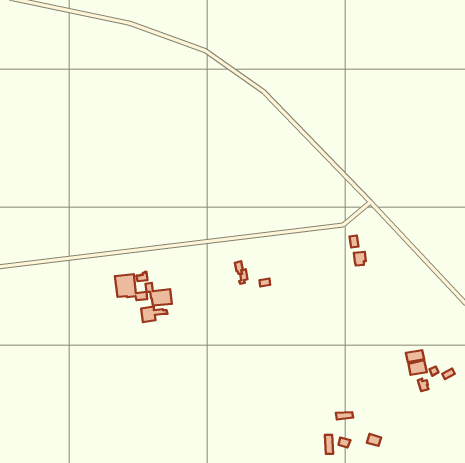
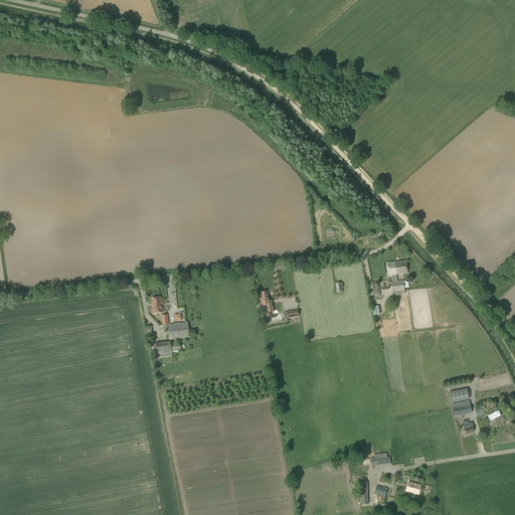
building: [115,274,147,300] -> none

